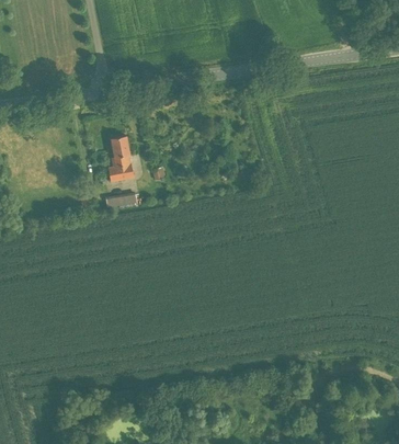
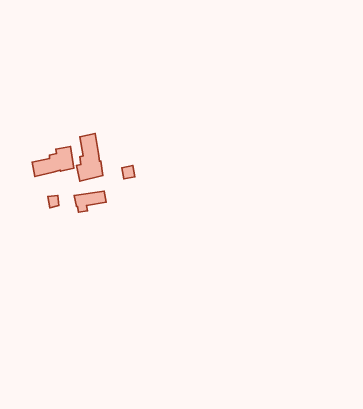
building: none -> [32,147,74,176]

